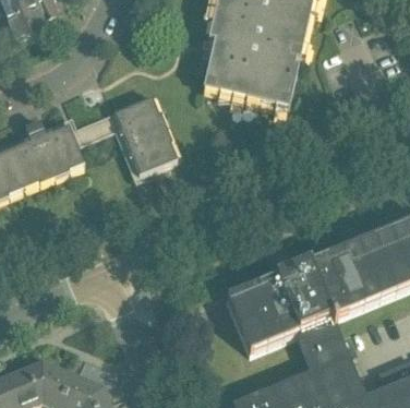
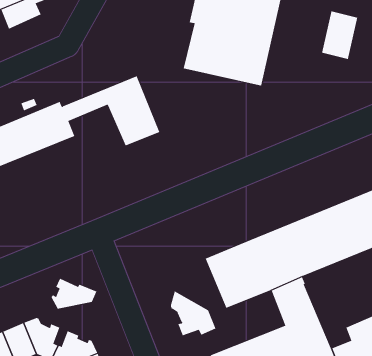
building: none -> [321,10,358,60]
building: none -> [51,278,97,309]
building: none -> [170,290,216,336]

